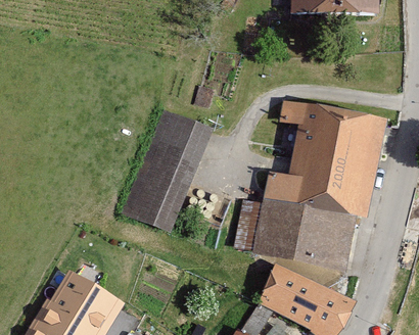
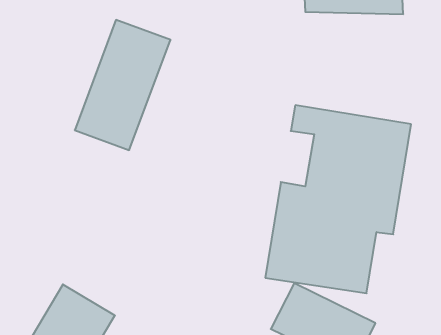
building: [123,109,211,229] -> [75,20,171,150]

